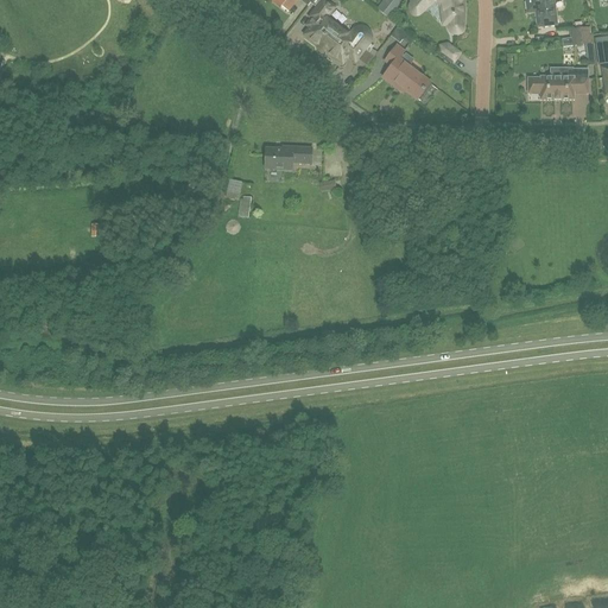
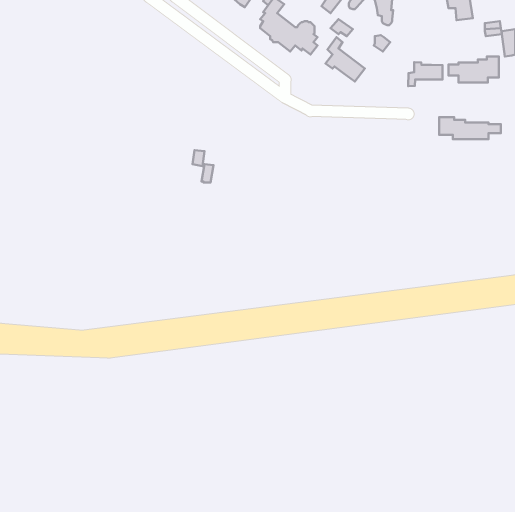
building: none -> [408,62,442,86]
building: none -> [439,117,501,139]
building: [265,145,311,166] -> none

